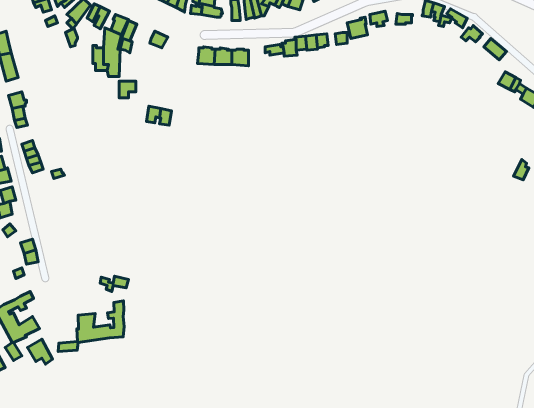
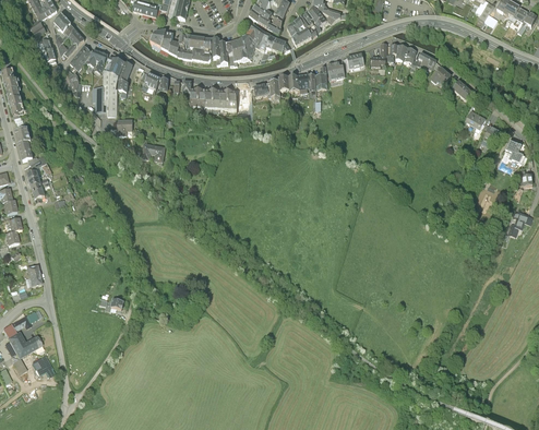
building: [58,301,124,352] -> none

